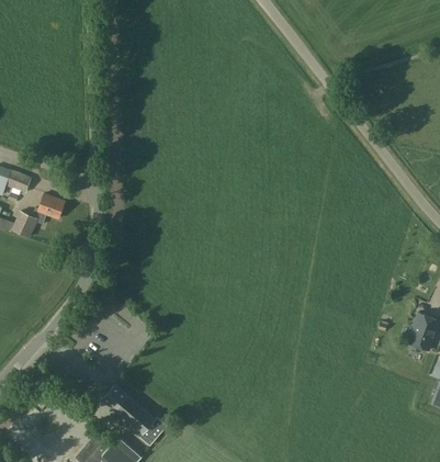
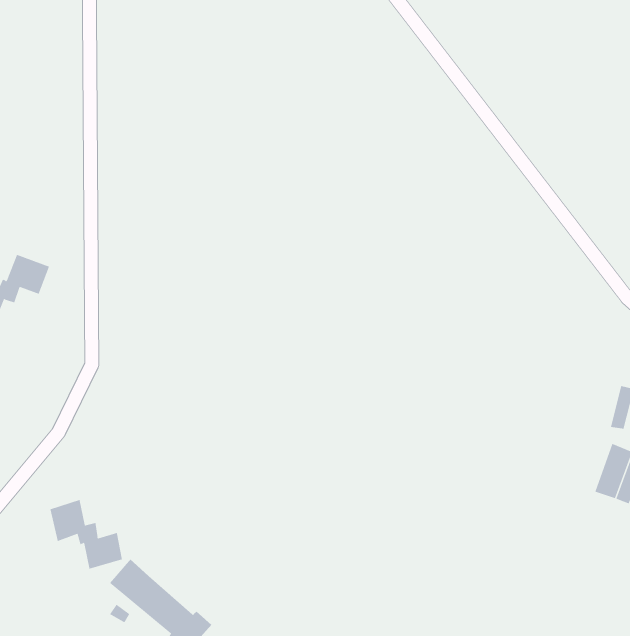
building: none -> [50,499,122,570]

